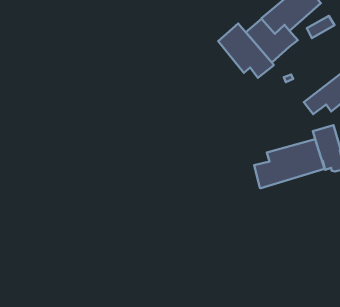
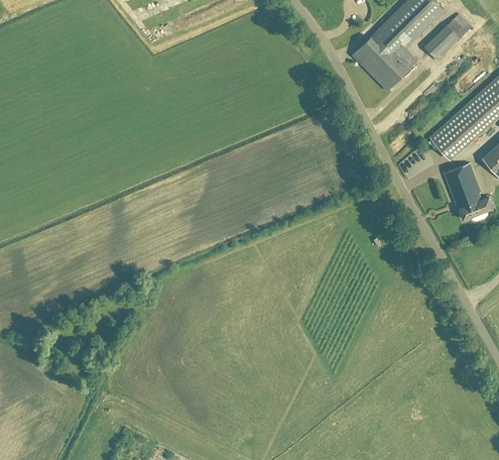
building: [218,23,274,78] -> none
building: [254,139,324,188] -> none

